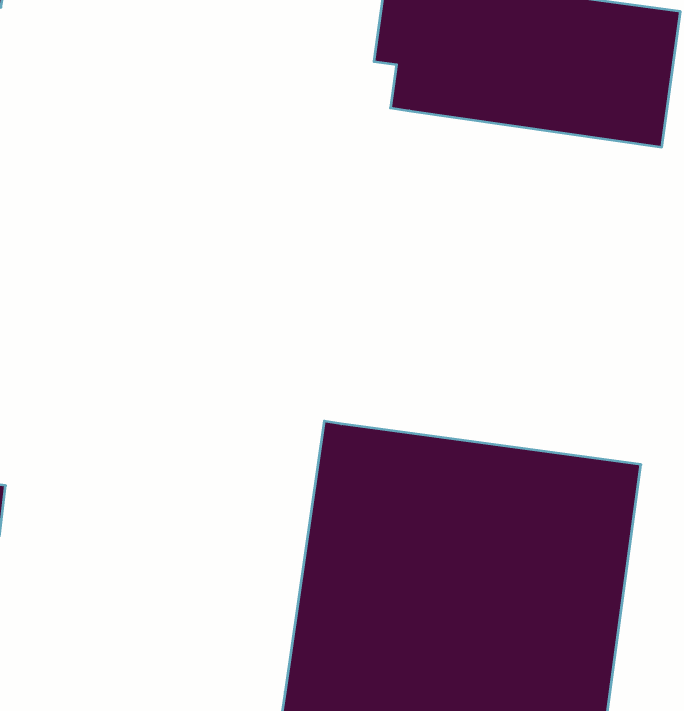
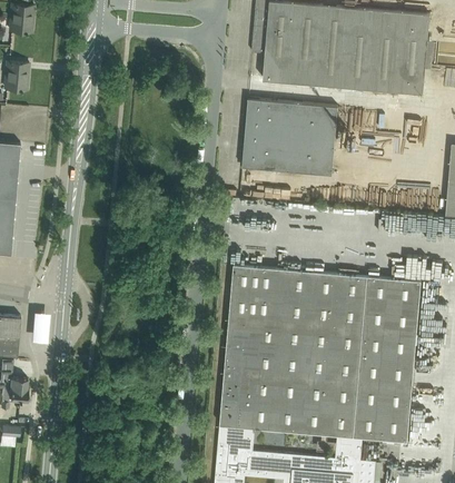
building: none -> [241,99,337,176]

